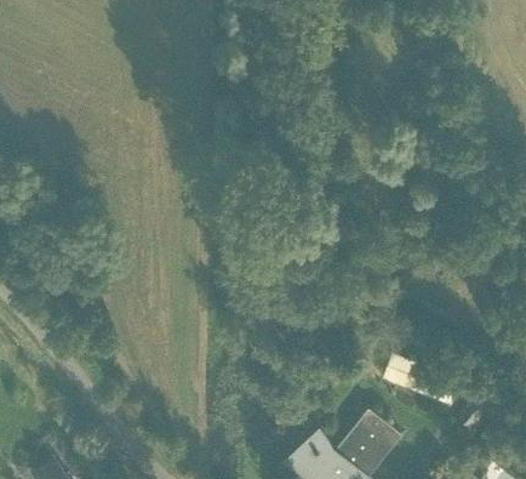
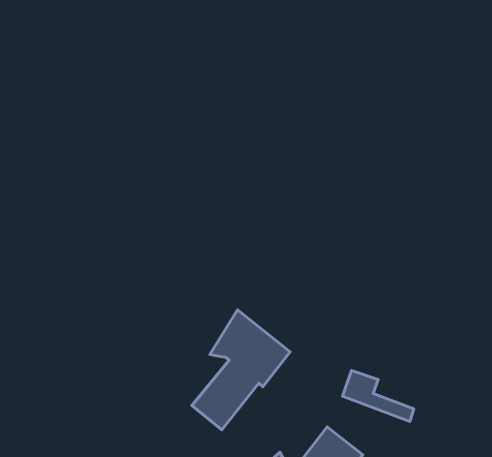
building: none -> [192,310,290,430]

